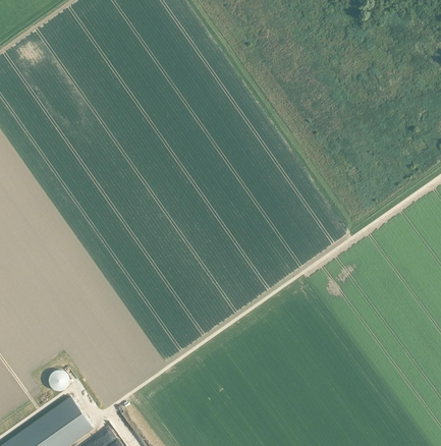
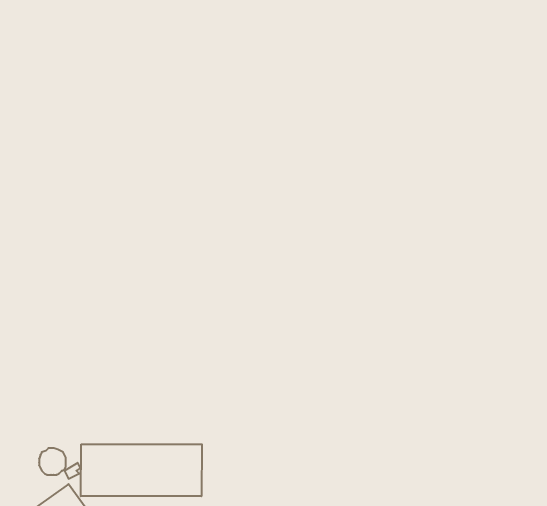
building: none -> [81,444,202,496]

